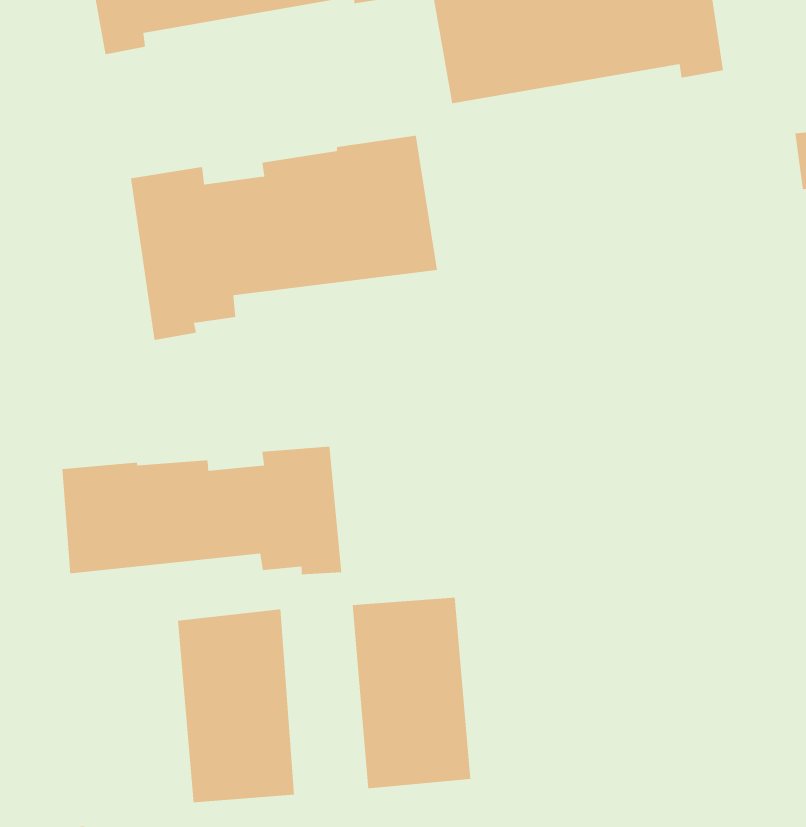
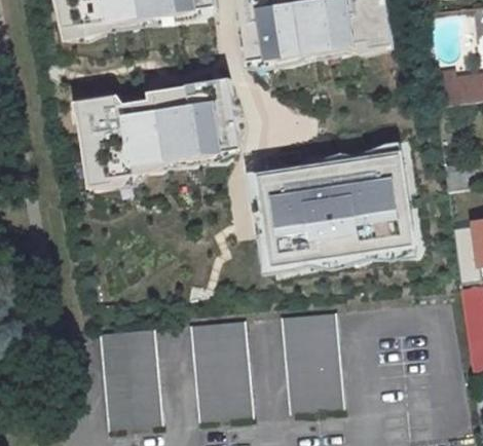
building: none -> [257,154,410,266]
building: [62,446,342,575] -> none
building: none -> [284,313,346,414]

